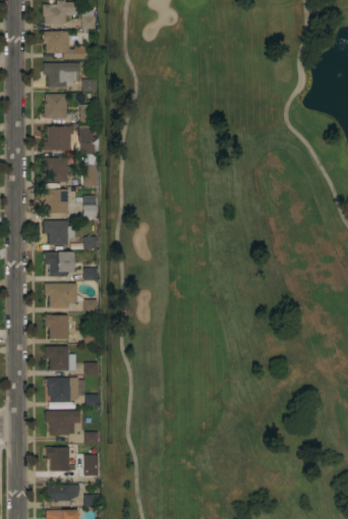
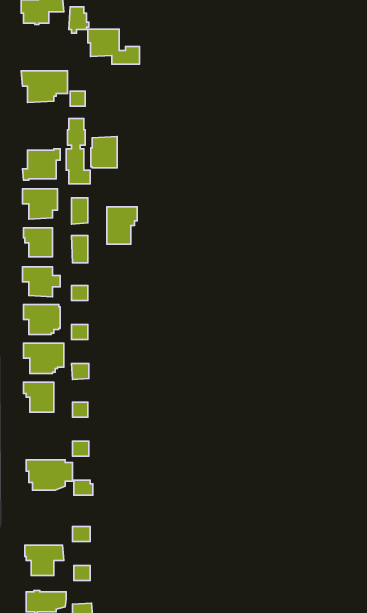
building: [43,32,84,60] -> [88,29,139,64]
building: [44,94,65,119] -> [91,137,117,168]
building: none -> [107,207,137,244]
building: [44,347,75,371] -> none
building: [45,411,79,437] -> none

